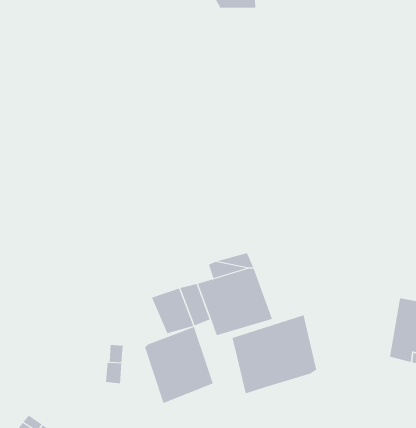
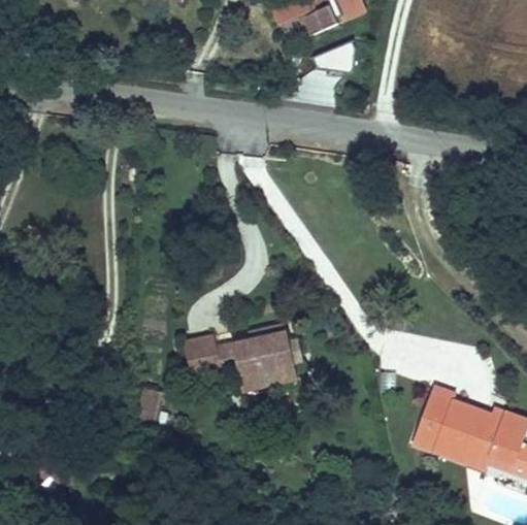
building: [232,315,317,394] -> none
building: [144,326,214,404] -> none

